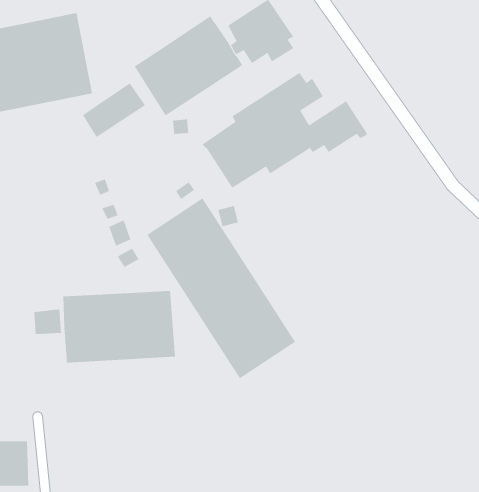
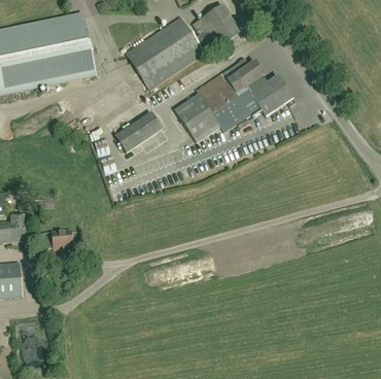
building: [82,82,146,138] -> [115,110,162,150]
building: [146,198,296,379] -> none
building: [63,290,176,364] -> none

